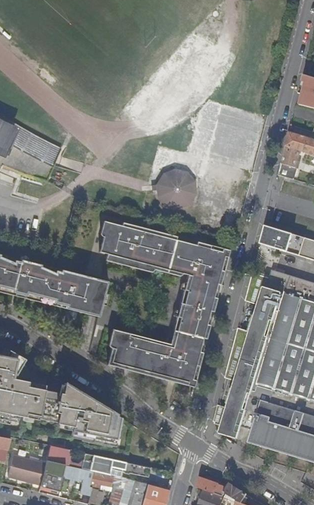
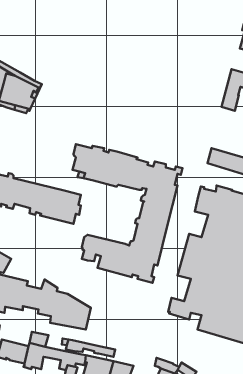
building: [157,168,196,207] -> none

